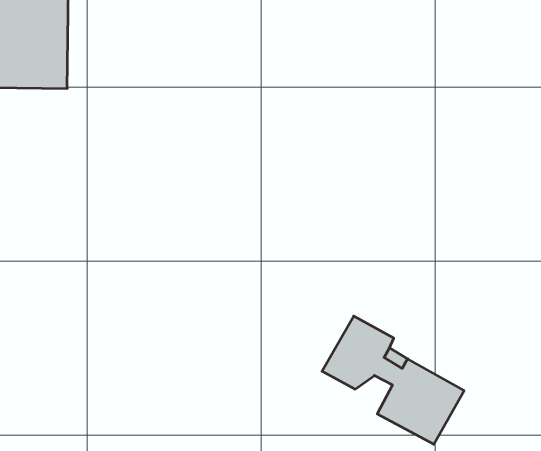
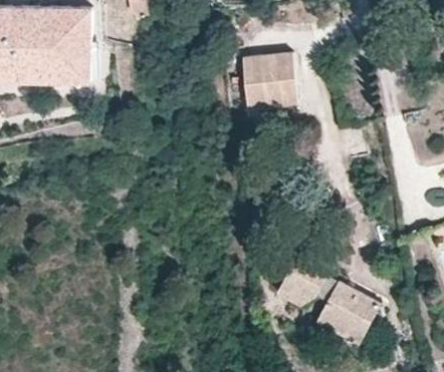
building: none -> [239,50,295,107]

